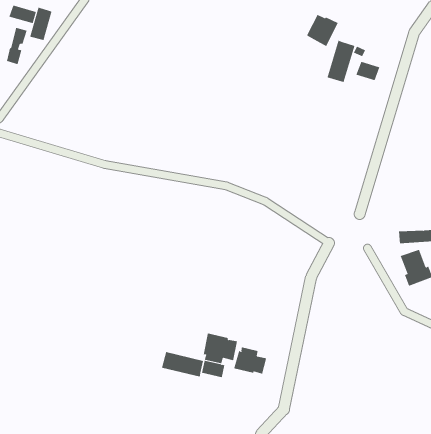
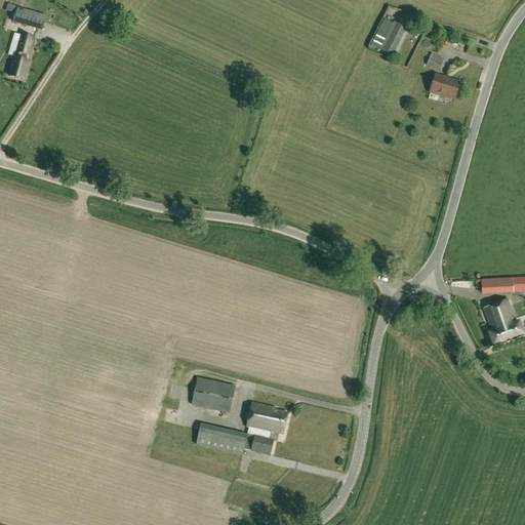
building: [30,7,52,41] -> none
building: [327,40,355,83] -> none
building: none -> [191,376,235,412]
building: [233,347,267,375] -> none

